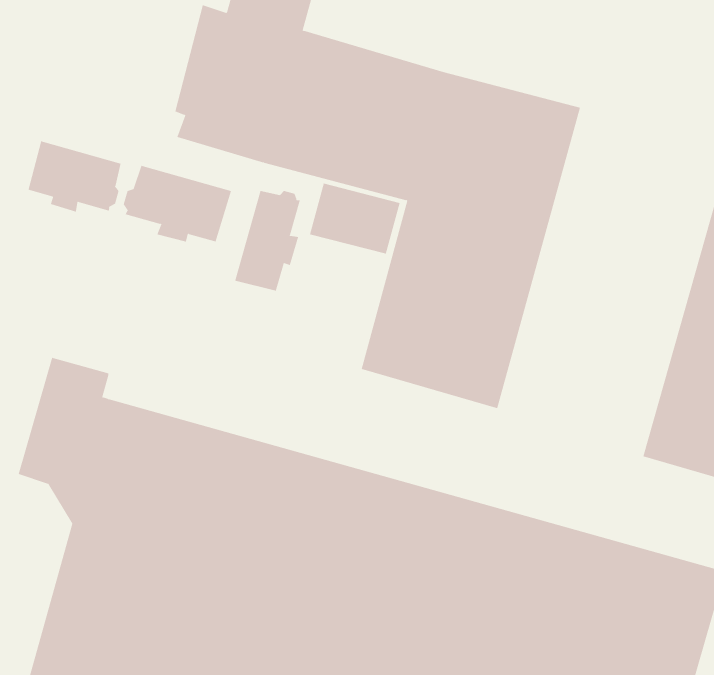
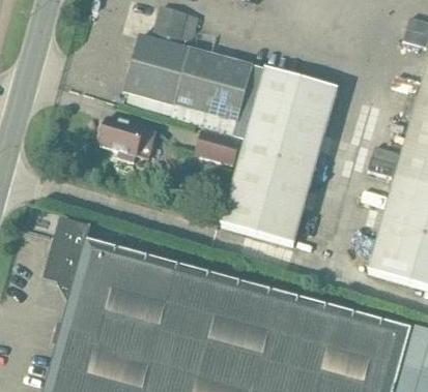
building: [28,140,121,212] -> none
building: [234,190,301,292] -> none

